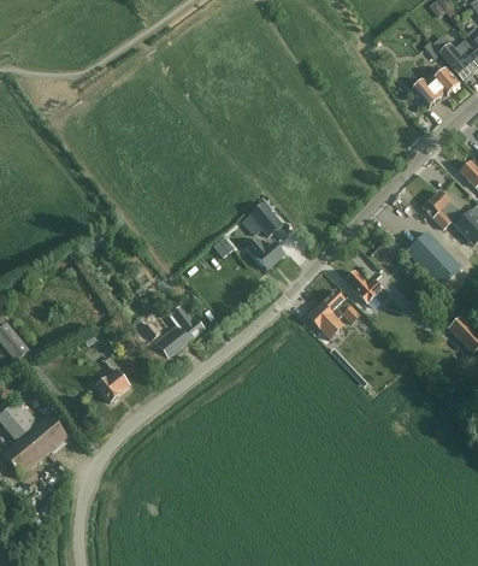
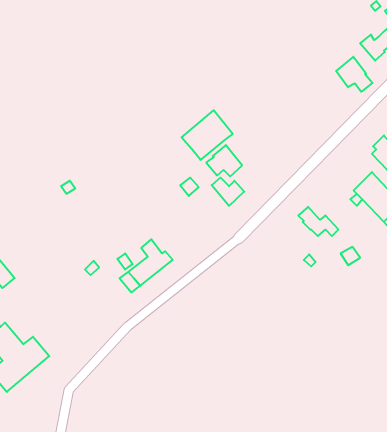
building: none -> [336,57,373,92]
building: none -> [182,110,233,160]
building: [308,289,360,338] -> none
building: [96,356,130,402] -> none

